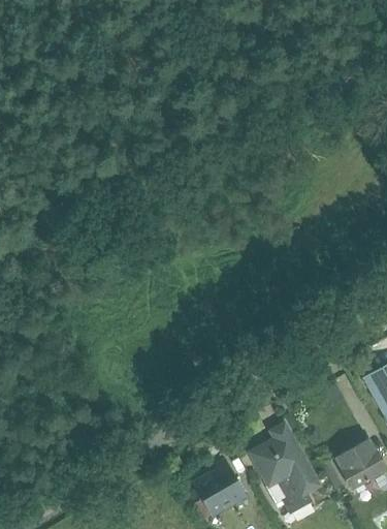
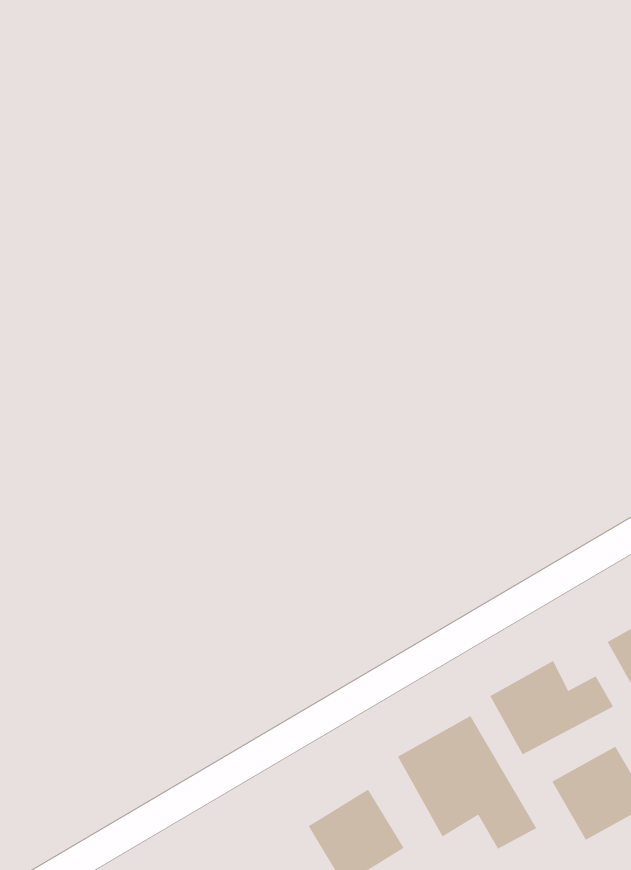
building: none -> [490,660,614,755]

